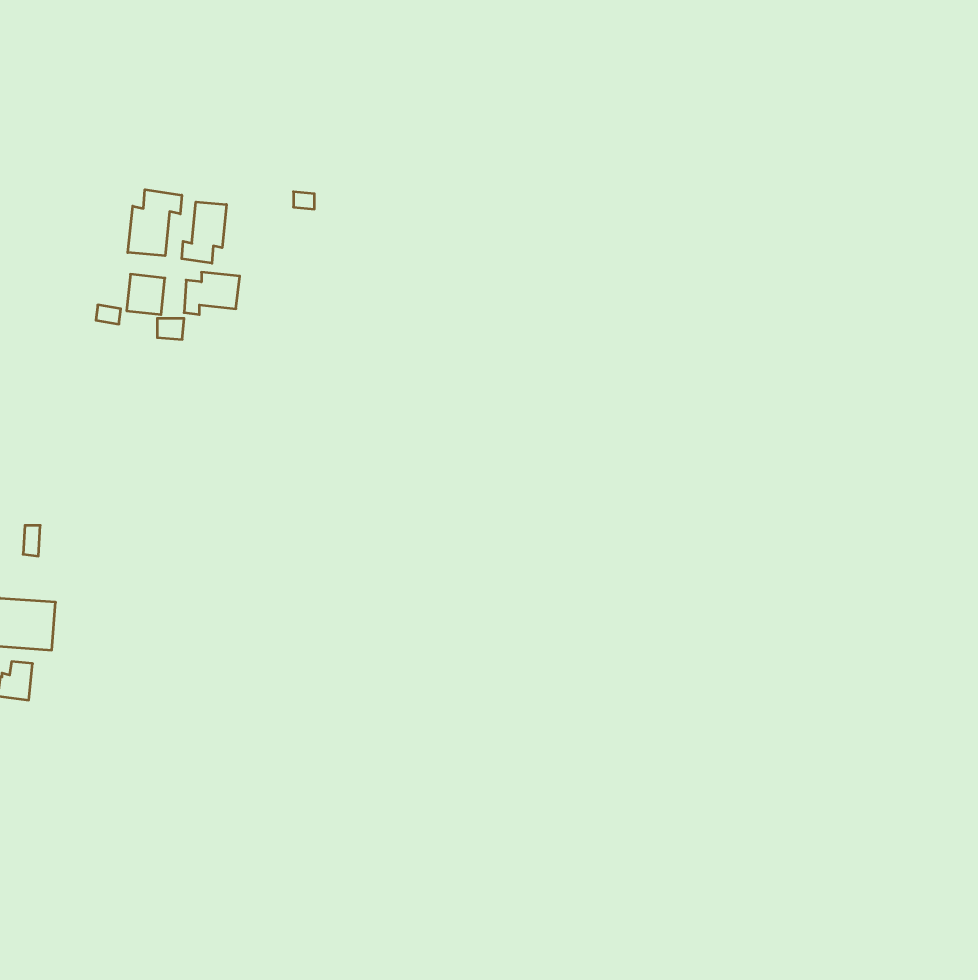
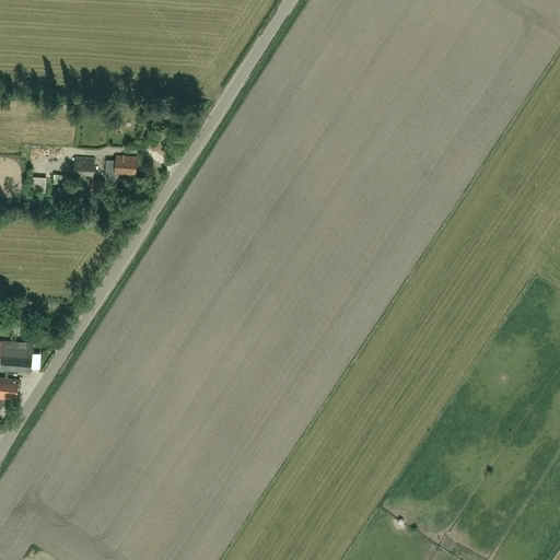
building: [128,190,182,256] -> none
building: [182,202,226,263] -> none

